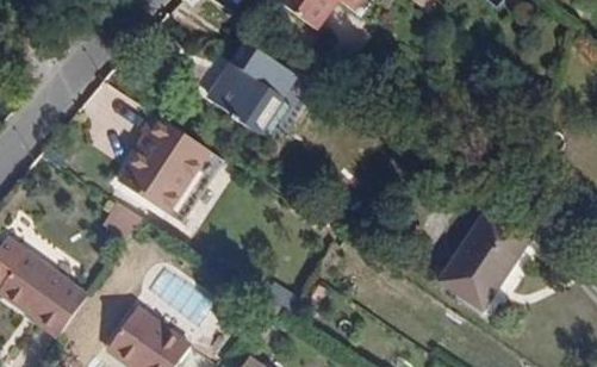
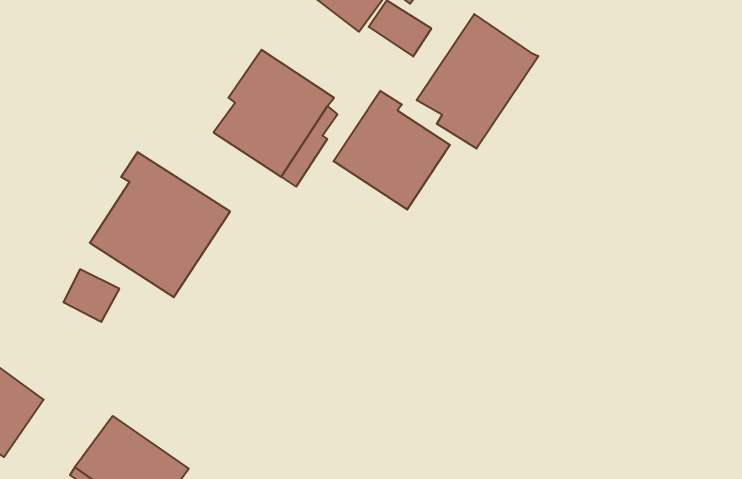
building: none -> [417,14,538,149]
building: none -> [333,91,450,210]
building: [440,211,529,310] -> none

